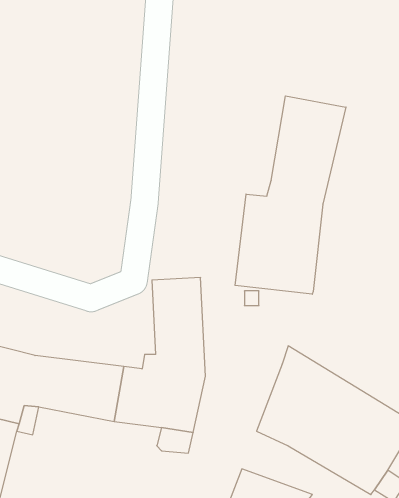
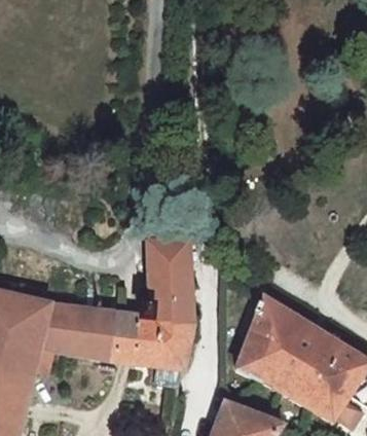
building: [235,96,346,294] -> none

